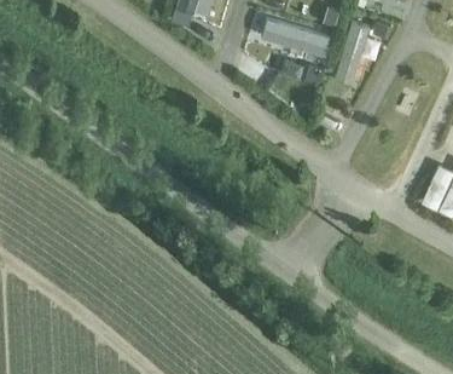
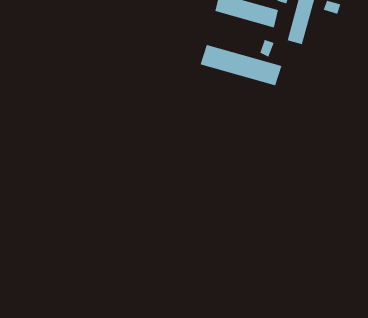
building: none -> [200,44,282,86]

